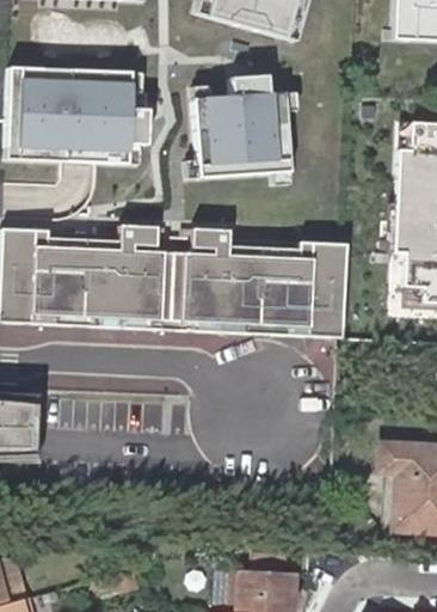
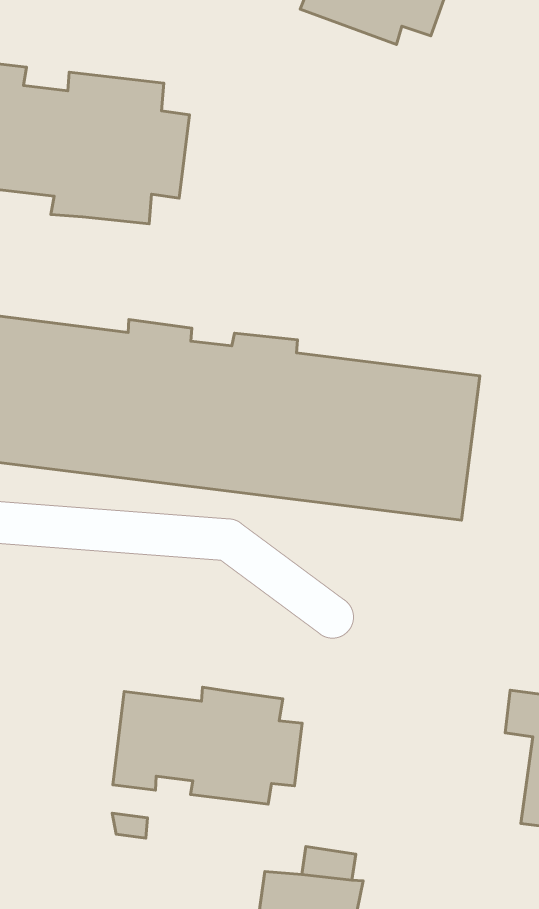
building: [192,75,289,178] -> none
building: none -> [113,687,302,804]

